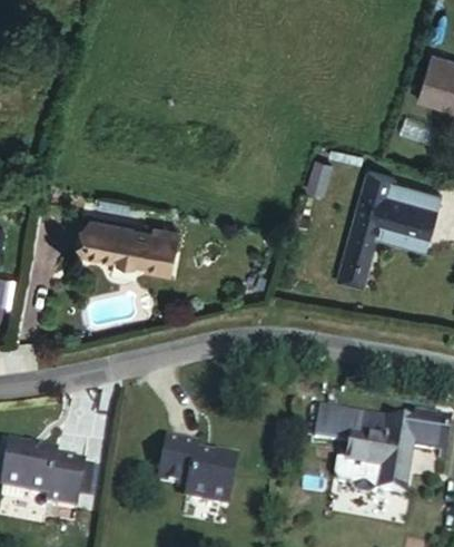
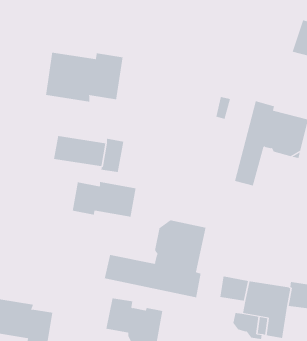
building: none -> [45,52,123,102]
building: none -> [72,181,136,218]
building: none -> [104,219,206,298]

